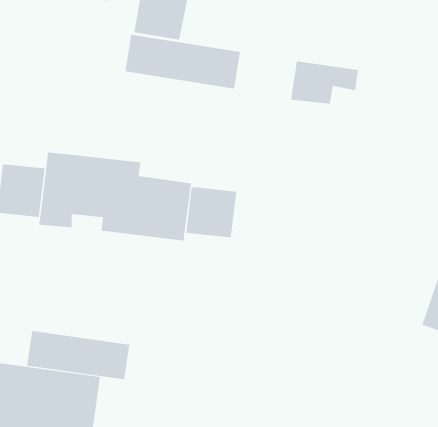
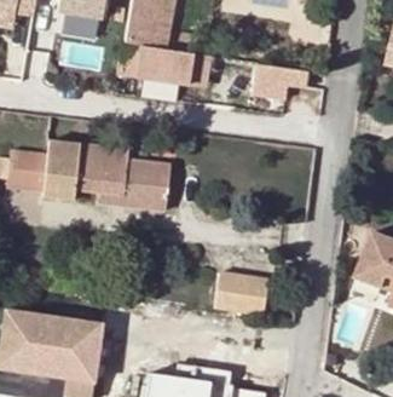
building: [186,187,237,238] -> none
building: none -> [213,270,266,312]
building: [27,330,130,380] -> none

